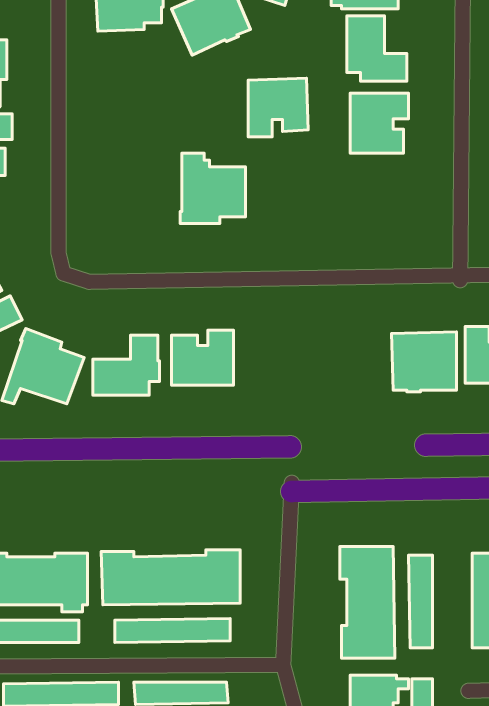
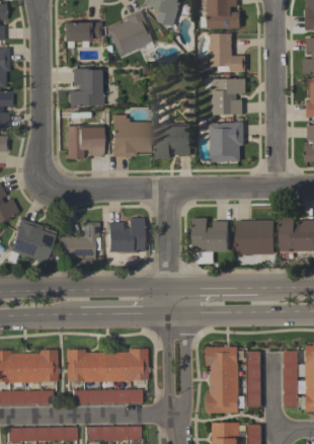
building: none -> [69,69,103,106]
building: [248,78,308,137] -> [155,124,190,158]
building: none -> [209,122,244,162]
building: none -> [66,125,102,159]
building: none -> [192,218,229,264]

